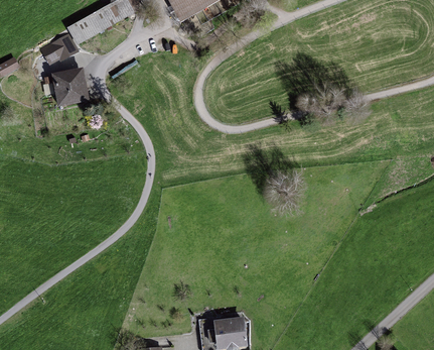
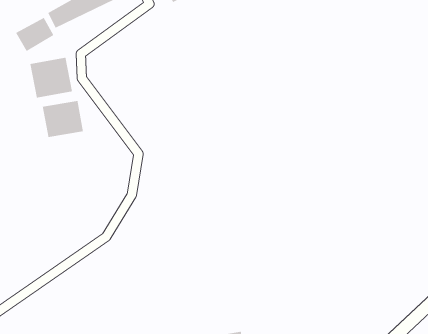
building: none -> [42,100,84,138]

